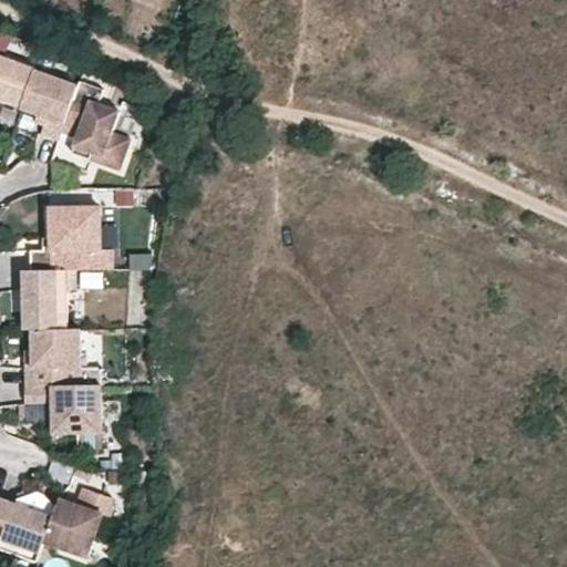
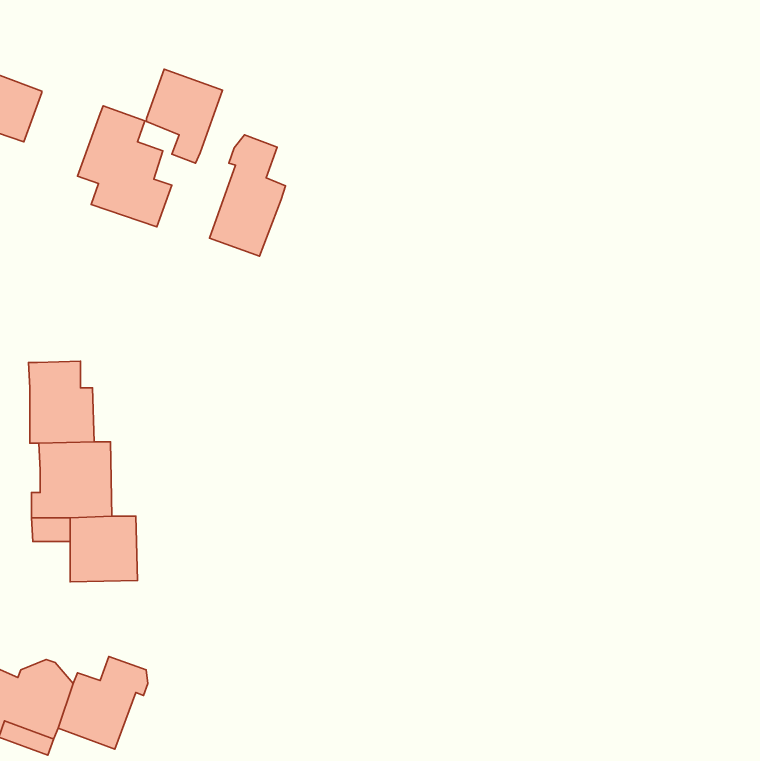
building: [18,70,74,140] -> [146,69,223,163]
building: none -> [209,135,286,256]
building: [28,207,96,270] -> none

